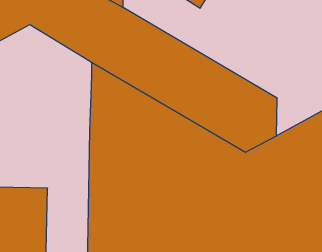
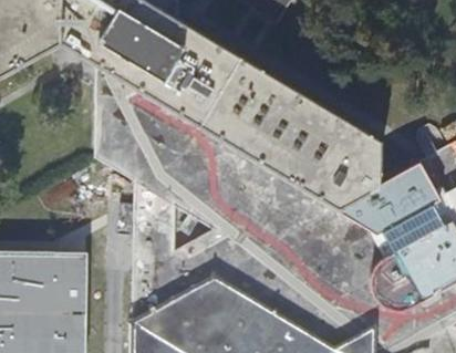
building: none -> [96,68,136,179]

